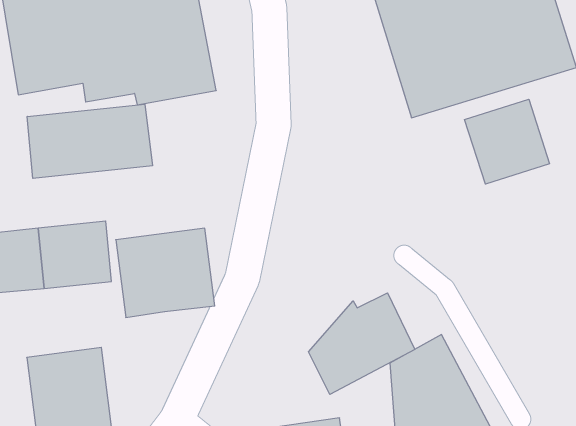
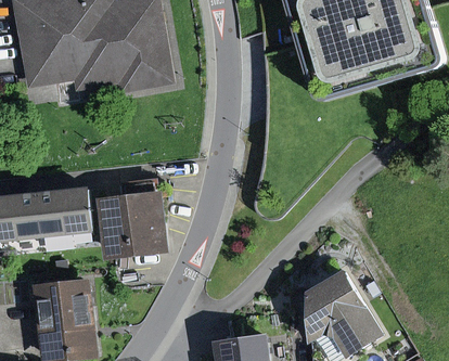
building: [464,99,550,184] -> none
building: [27,104,152,178] -> none
building: [309,293,415,394] -> none

